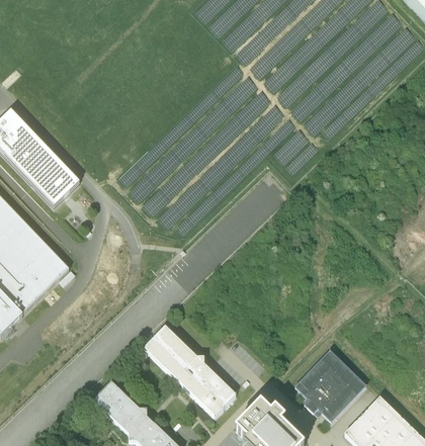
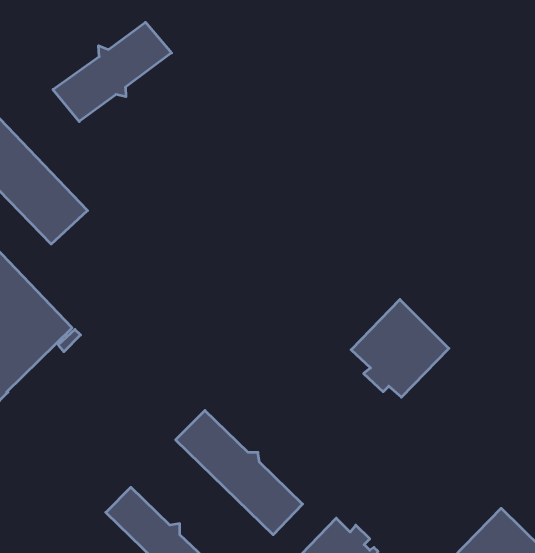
building: none -> [53,22,172,122]
building: [294,350,365,421] -> [351,299,449,397]

